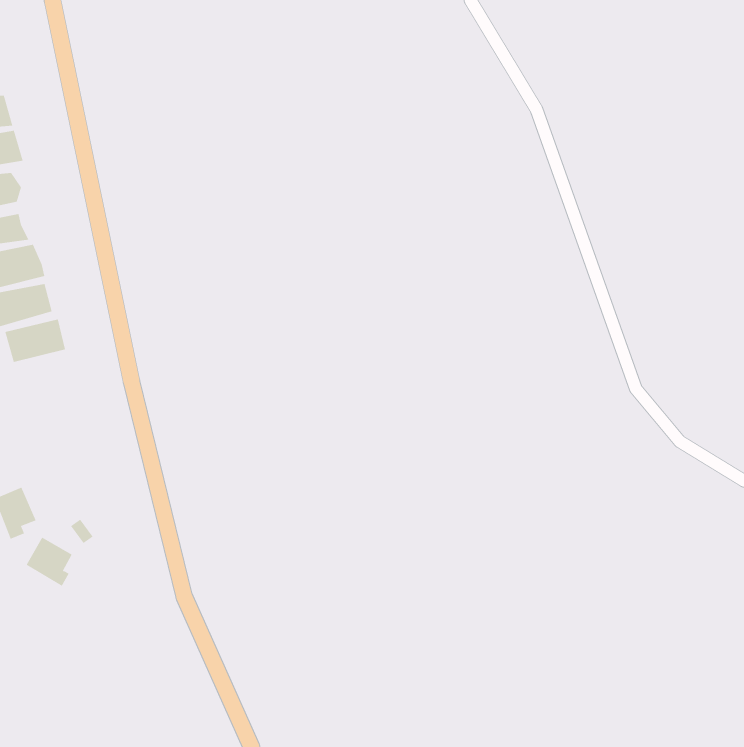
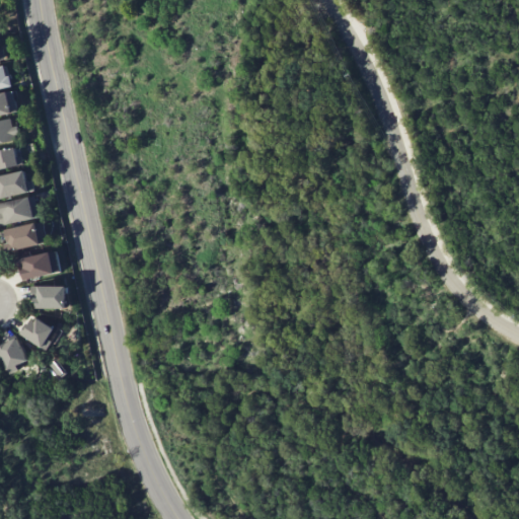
building: none -> [17,250,59,280]
building: none -> [30,286,66,308]
building: [26,537,72,587] -> [20,316,53,351]

